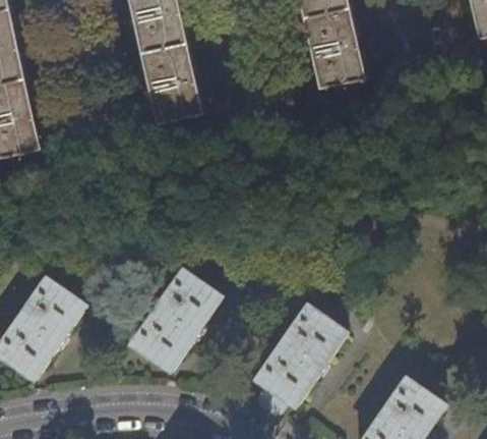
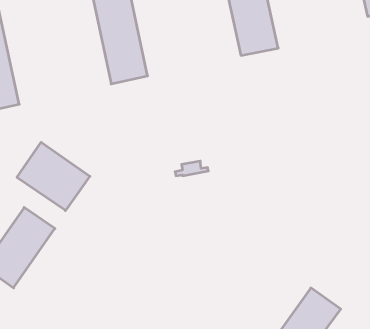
building: none -> [17,142,90,211]
building: [131,272,220,371] -> none
building: [255,306,345,414] -> none

